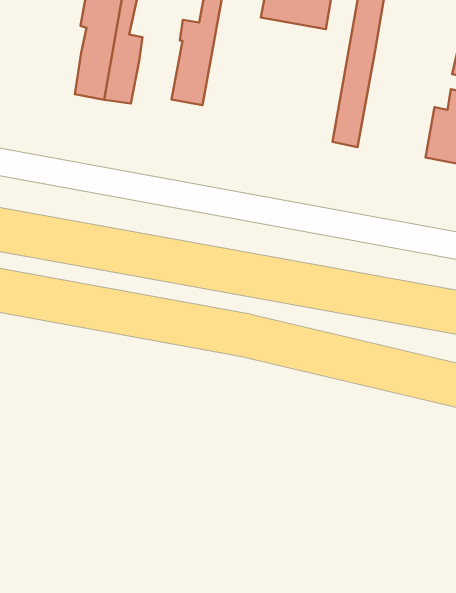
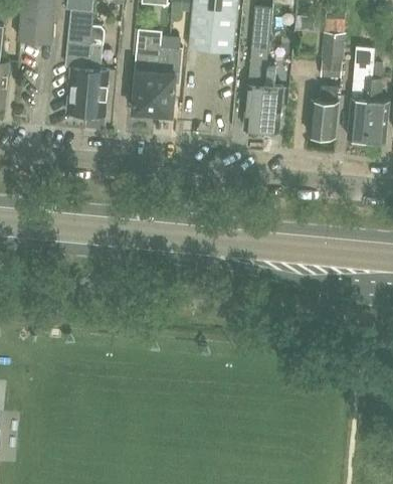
building: none -> [154,47,183,115]
building: none -> [260,68,282,134]

